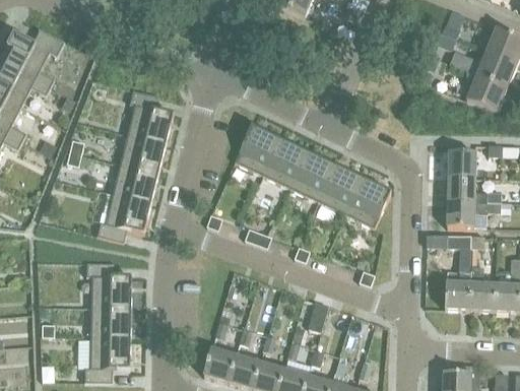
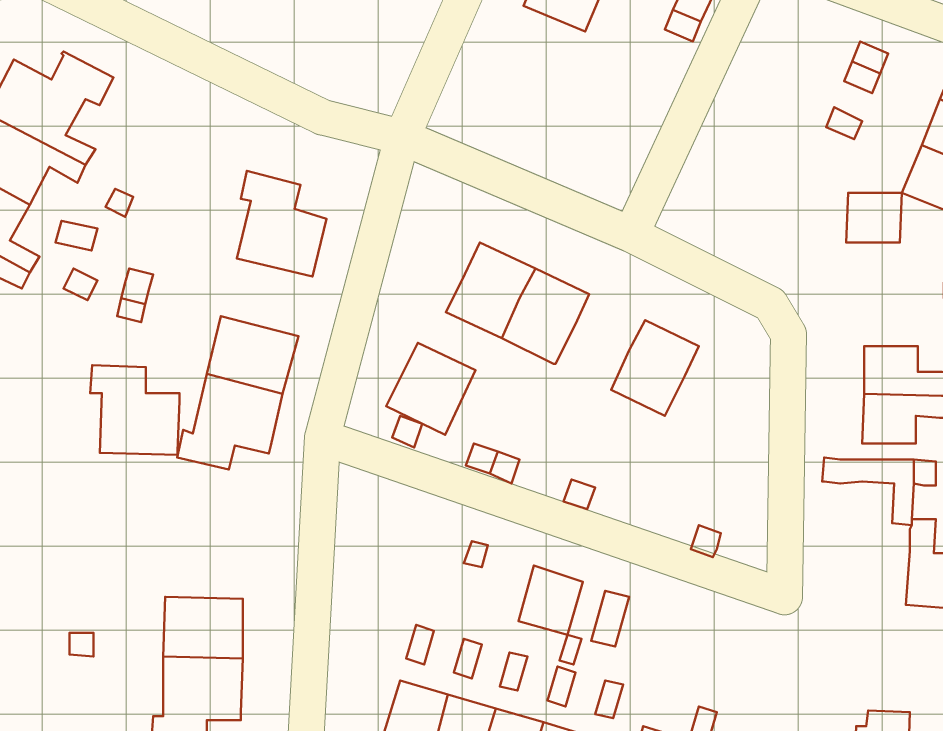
building: [119,133,166,173] -> none
building: [289,151,335,200] -> none
building: [447,152,475,178] -> [846,193,902,243]
building: none -> [386,343,476,435]
building: [345,178,390,226] -> none
building: [85,261,131,307] -> [90,365,180,455]
building: [444,271,470,310] -> none
building: none -> [519,565,583,635]

